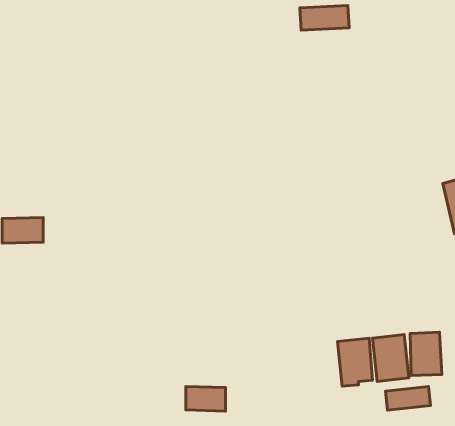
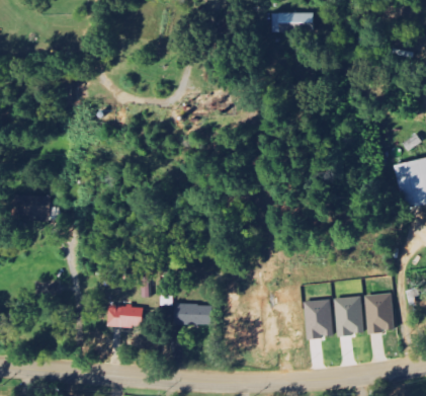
building: none -> [108,305,143,327]
building: [186,386,226,411] -> [175,303,209,324]
building: [386,387,431,410] -> none

